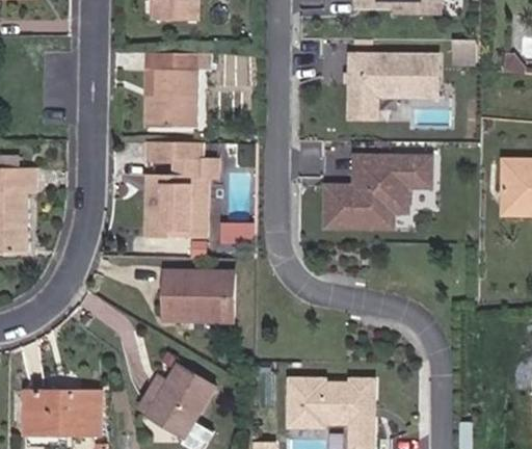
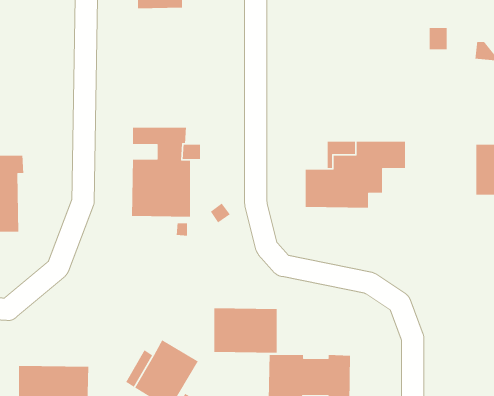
building: [144,51,209,127] -> none
building: [349,54,436,116] -> none
building: [165,271,232,319] -> [213,308,277,353]

